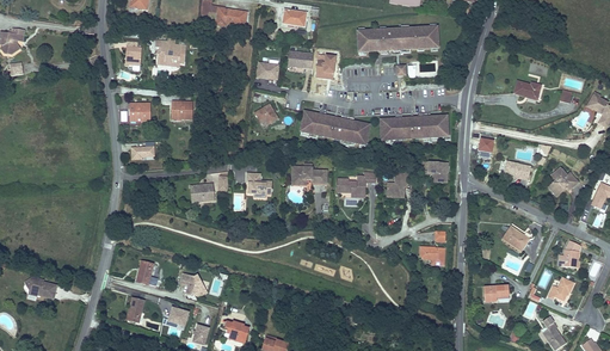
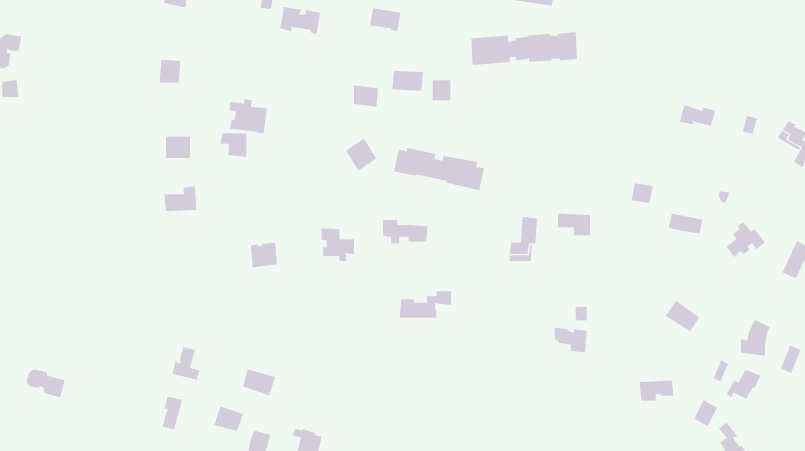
building: [158,37,186,63] -> [229,98,268,134]
building: [381,116,448,140] -> none
building: [337,172,376,192] -> [399,291,452,318]

